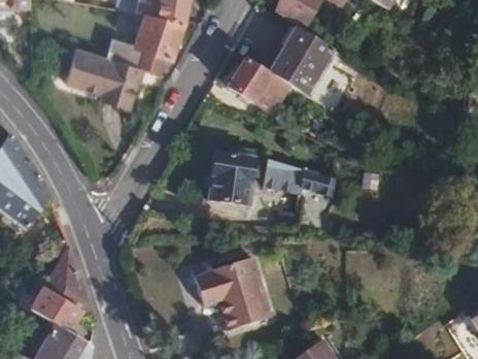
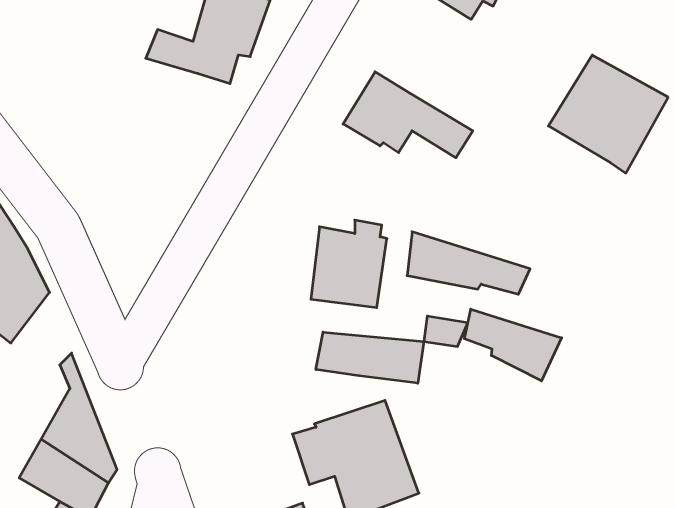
building: [267,30,340,102] -> [548,55,668,173]
building: [63,40,137,102] -> none
building: none -> [464,309,562,381]
building: none -> [316,332,424,383]

